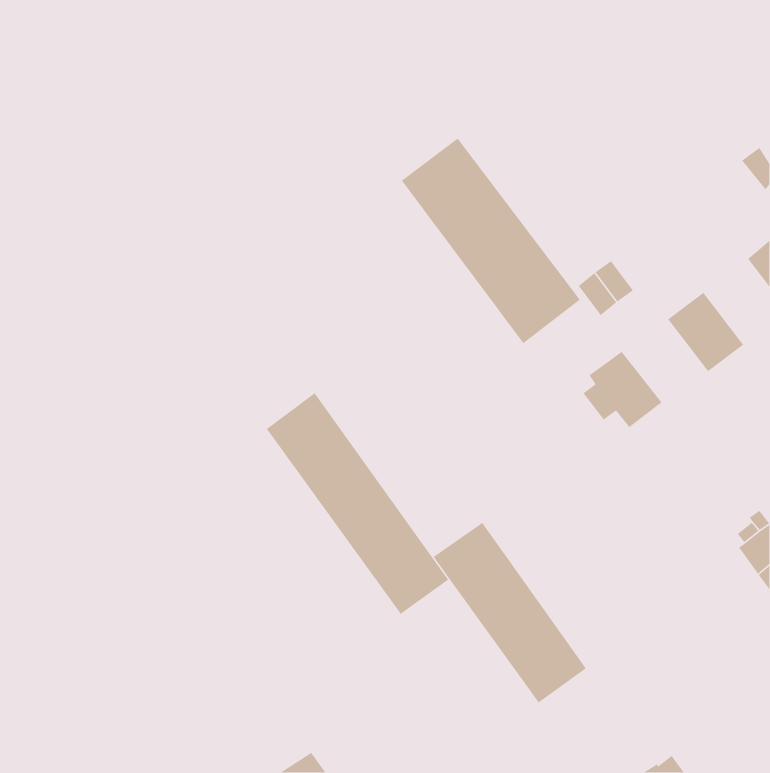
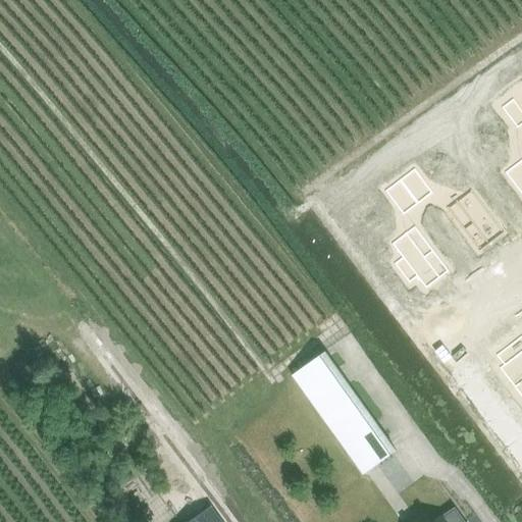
building: [401,138,581,344] -> none
building: [266,392,449,615] -> none

